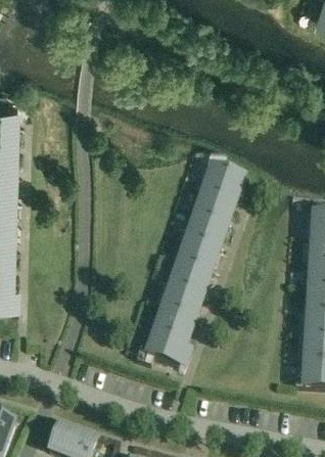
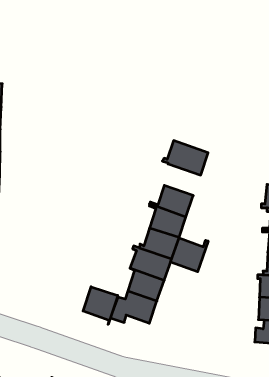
building: [197,187,237,222] -> none
building: none -> [171,238,208,272]
building: none -> [83,287,118,324]

